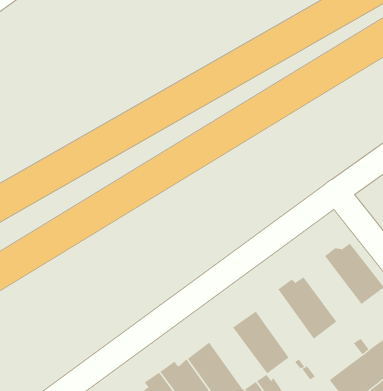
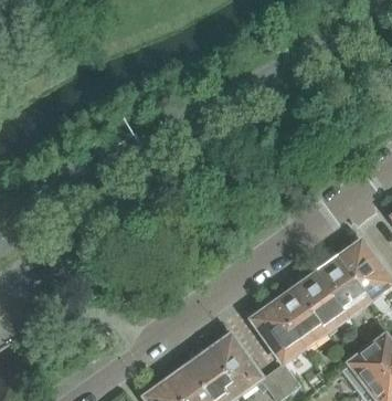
building: none -> [317,254,370,315]
building: none -> [273,285,326,348]

